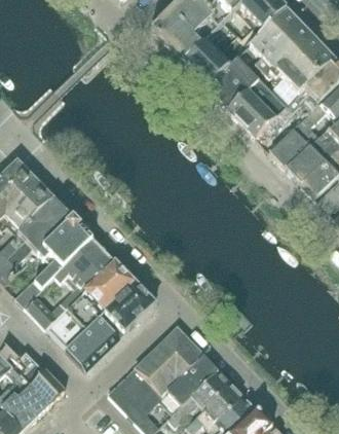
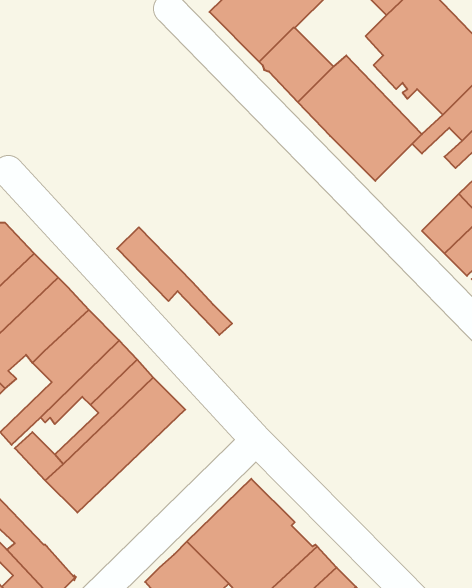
building: [269,128,309,168] -> none
building: none -> [117,227,232,335]
building: [66,282,154,368] -> none

